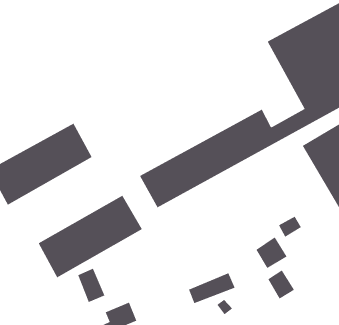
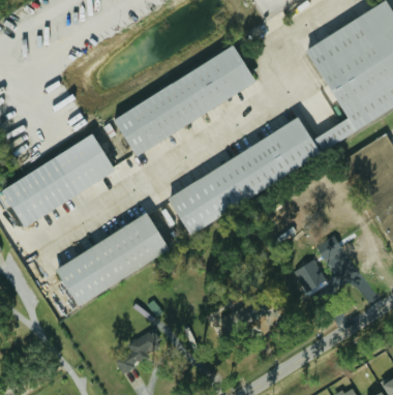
building: none -> [112,48,256,153]
building: [77,268,105,303] -> none
building: [267,269,295,300] -> none

